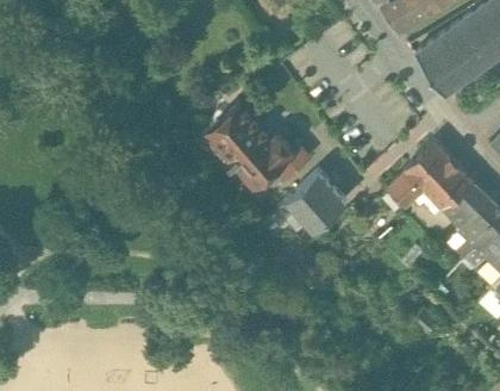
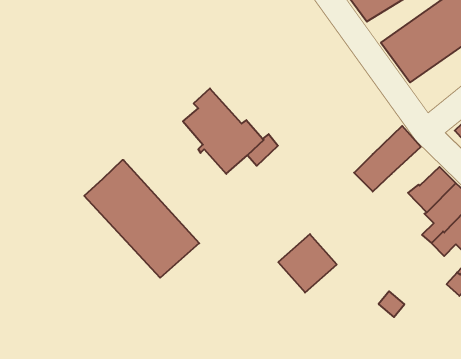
building: [424,161,473,207] -> none
building: [286,170,345,230] -> [278,234,337,293]
building: none -> [84,160,199,278]

